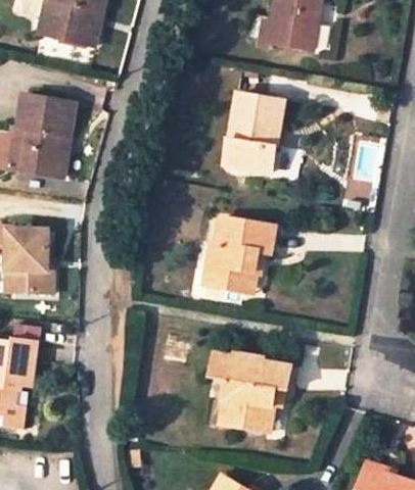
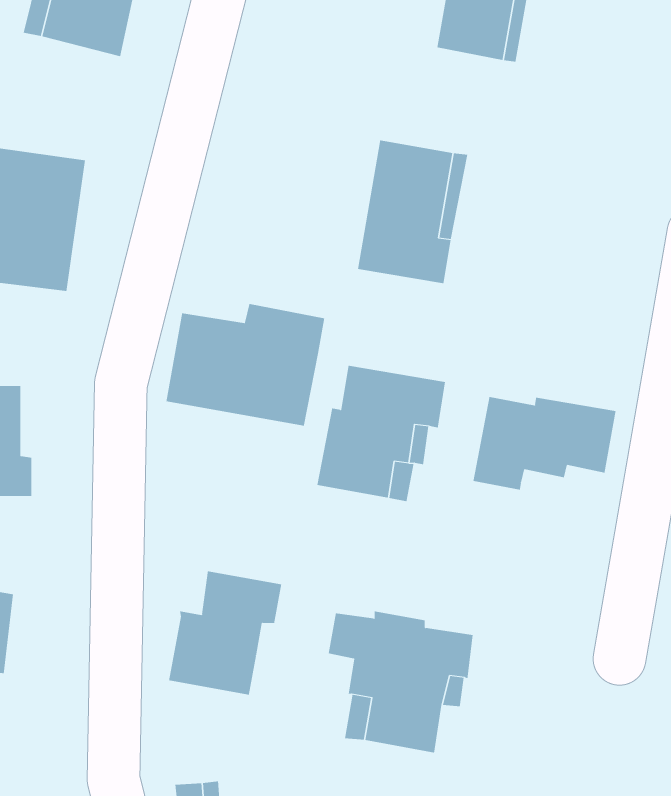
building: none -> [166,303,325,427]
building: none -> [473,396,616,491]
building: none -> [169,570,282,696]

